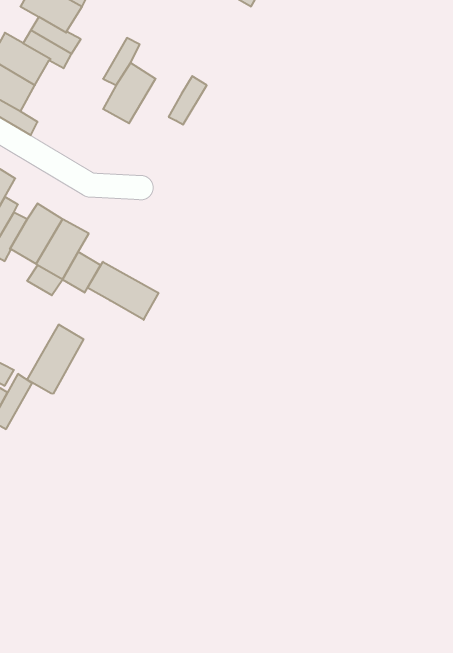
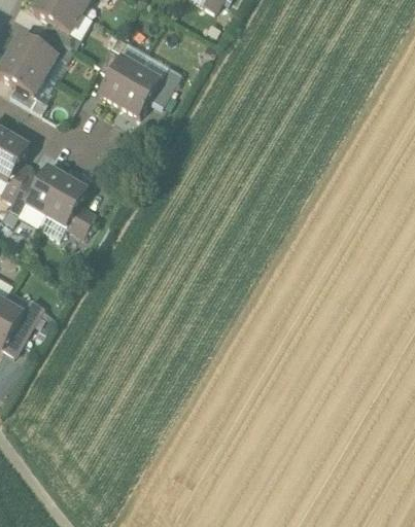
building: none -> [119,68,161,115]
building: [88,262,158,320] -> none
building: [27,324,83,394] -> none

